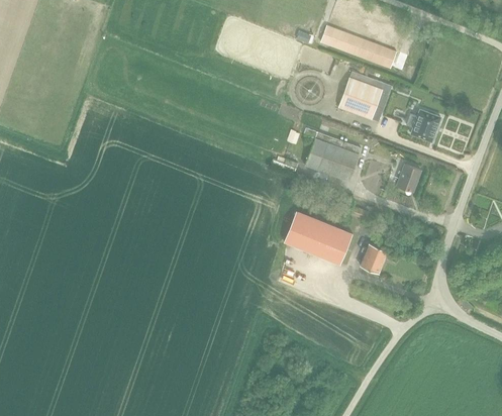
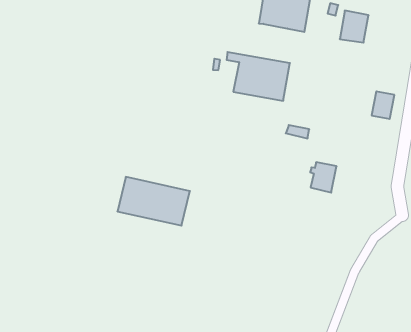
building: [396,165,420,192] -> [372,91,394,119]
building: [283,211,353,265] -> [117,177,190,226]

